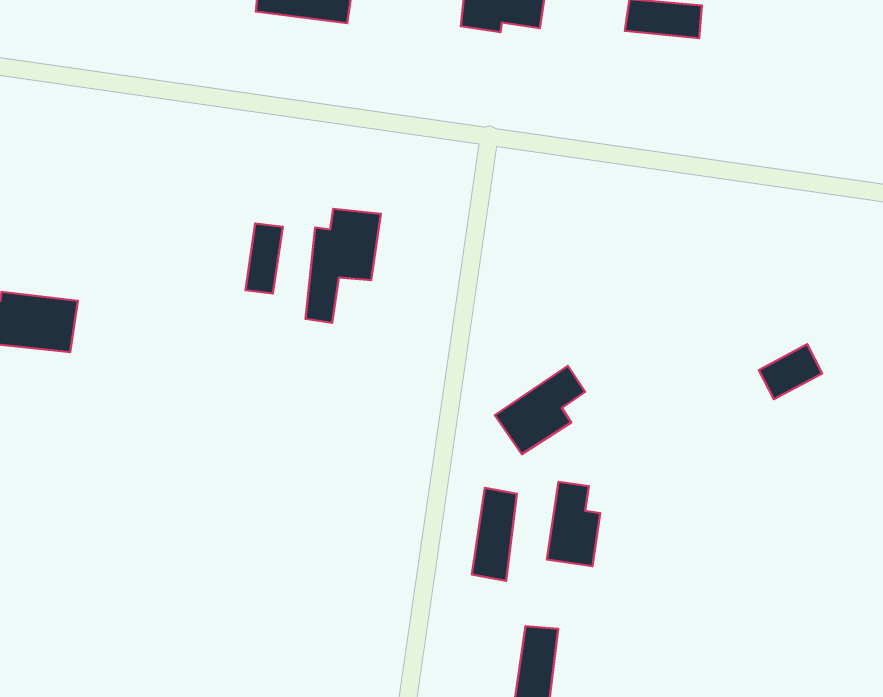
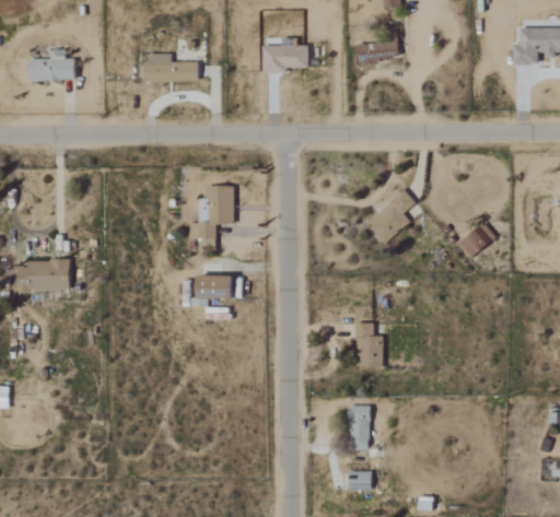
building: [245,224,283,293] -> none
building: none -> [197,275,234,299]
building: [495,366,585,454] -> [365,190,415,244]
building: [472,488,517,581] -> none

